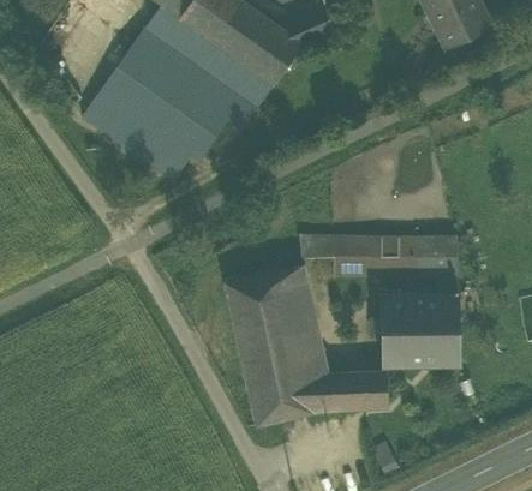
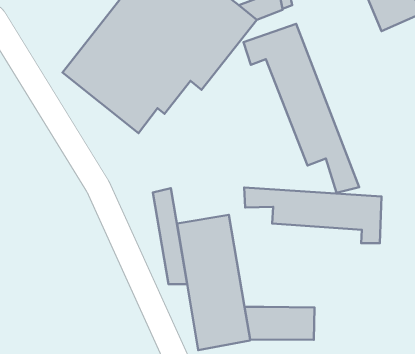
building: none -> [244,24,359,193]
building: [282,263,328,373] -> [153,188,187,284]
building: [379,292,460,365] -> none

